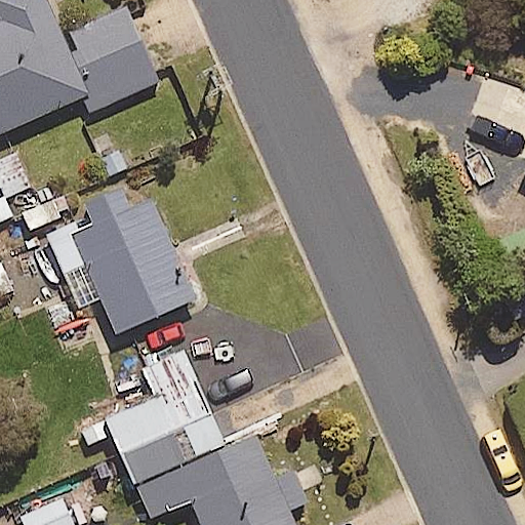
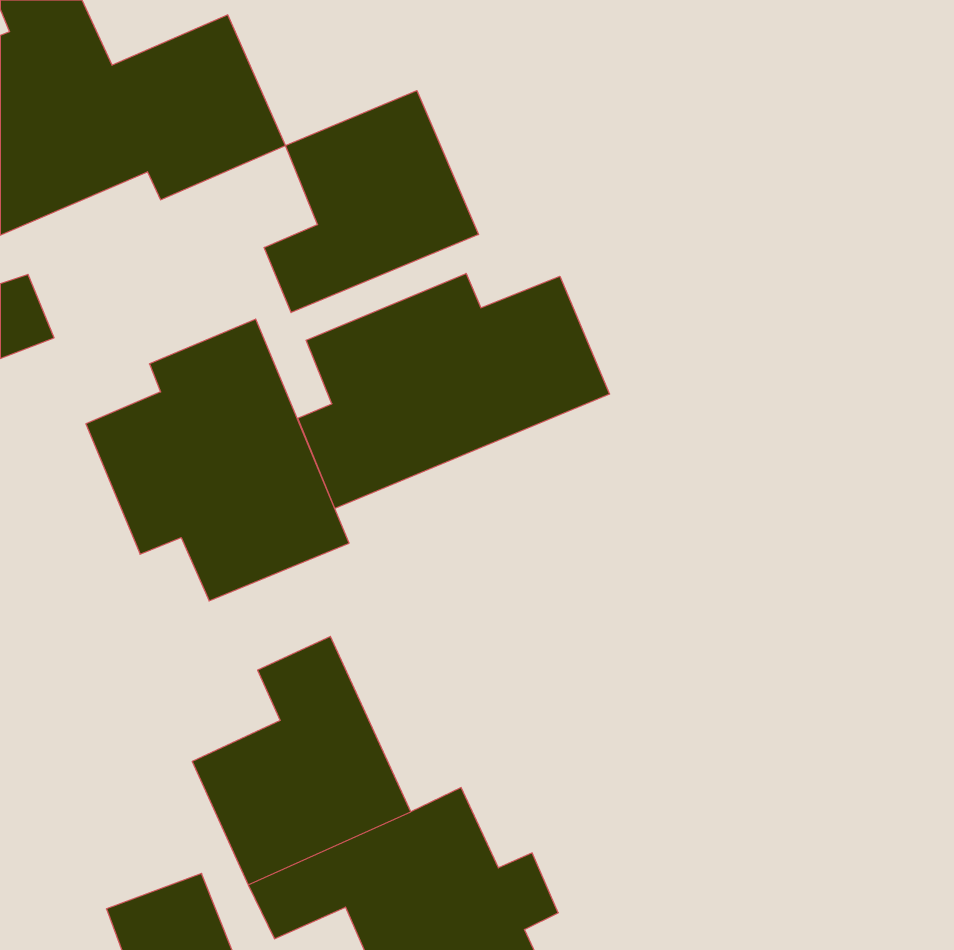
building: none -> [264,91,478,313]
building: none -> [298,273,609,508]

